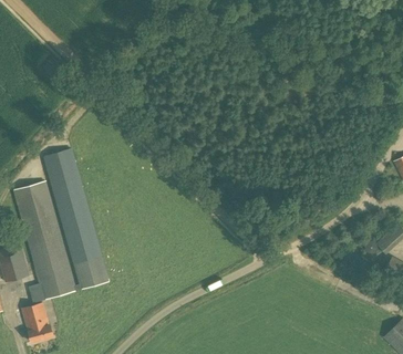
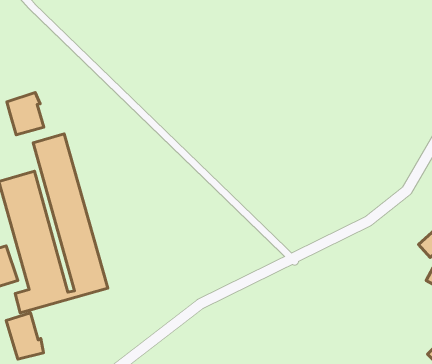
building: none -> [7,93,44,135]

